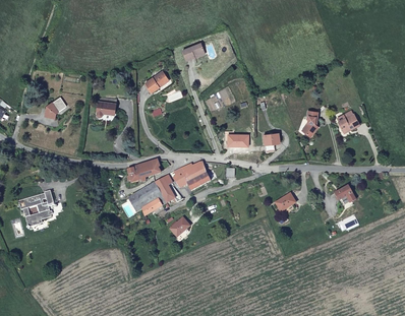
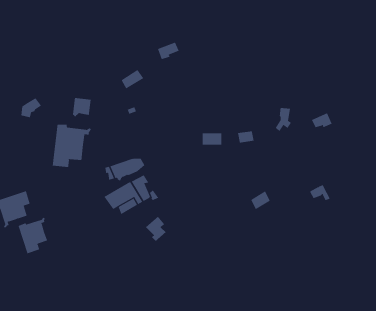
building: none -> [52,124,91,168]
building: [172,163,211,191] -> none
building: none -> [18,217,48,254]

